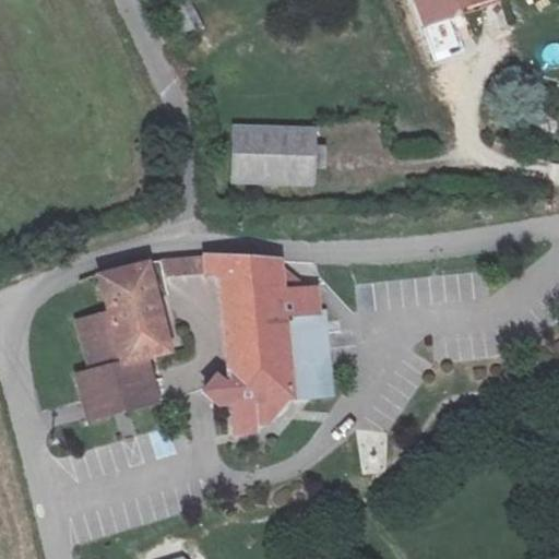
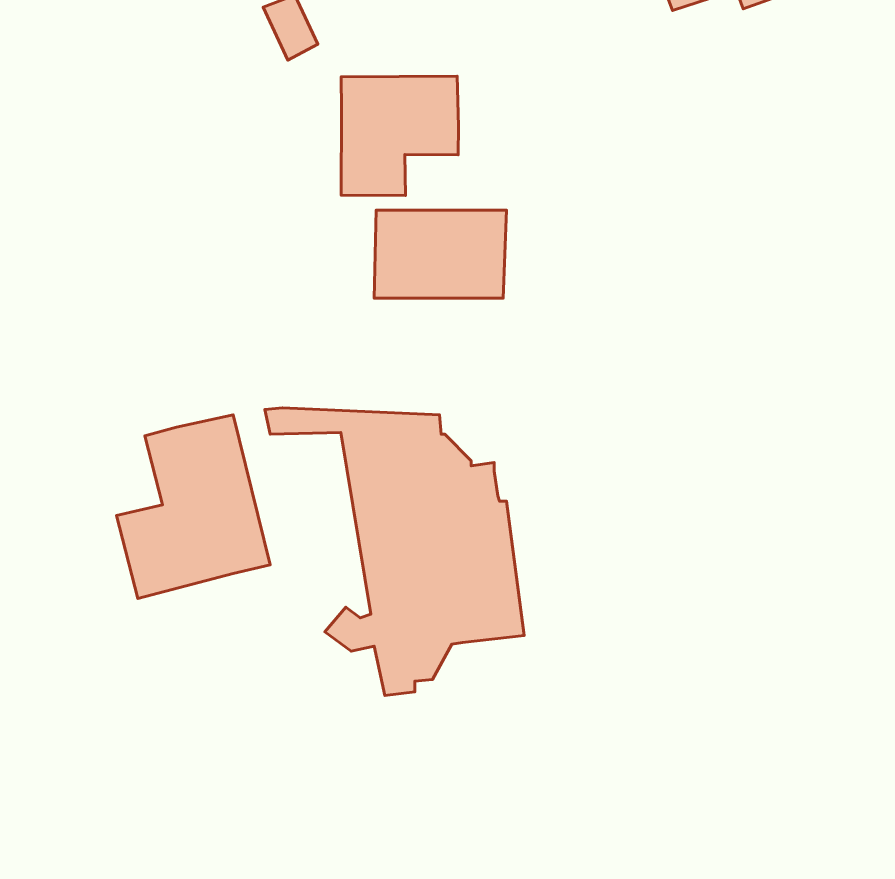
building: none -> [341,76,459,195]
building: [76,355,159,420] -> none

